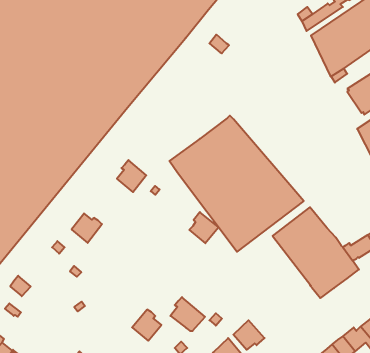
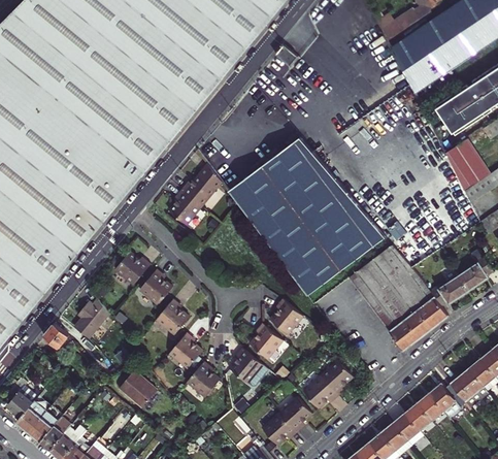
building: none -> [180,163,222,207]
building: [189,212,219,243] -> [269,299,303,335]
building: none -> [138,269,171,305]
building: none -> [157,297,190,333]
building: none -> [73,298,108,338]
building: none -> [248,323,281,359]
building: none -> [169,331,203,368]
building: none -> [320,360,354,396]
building: none -> [119,371,156,408]

